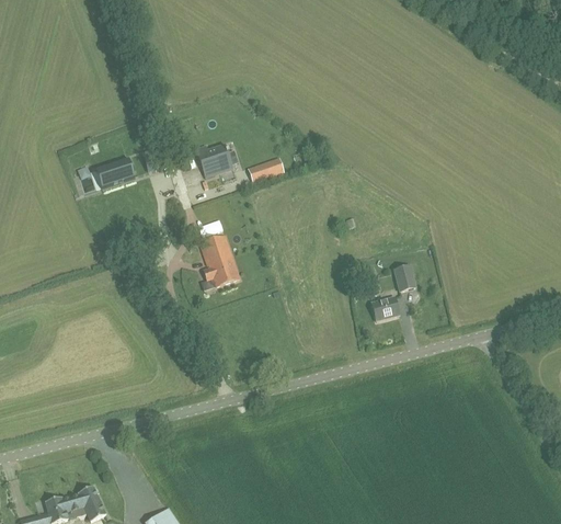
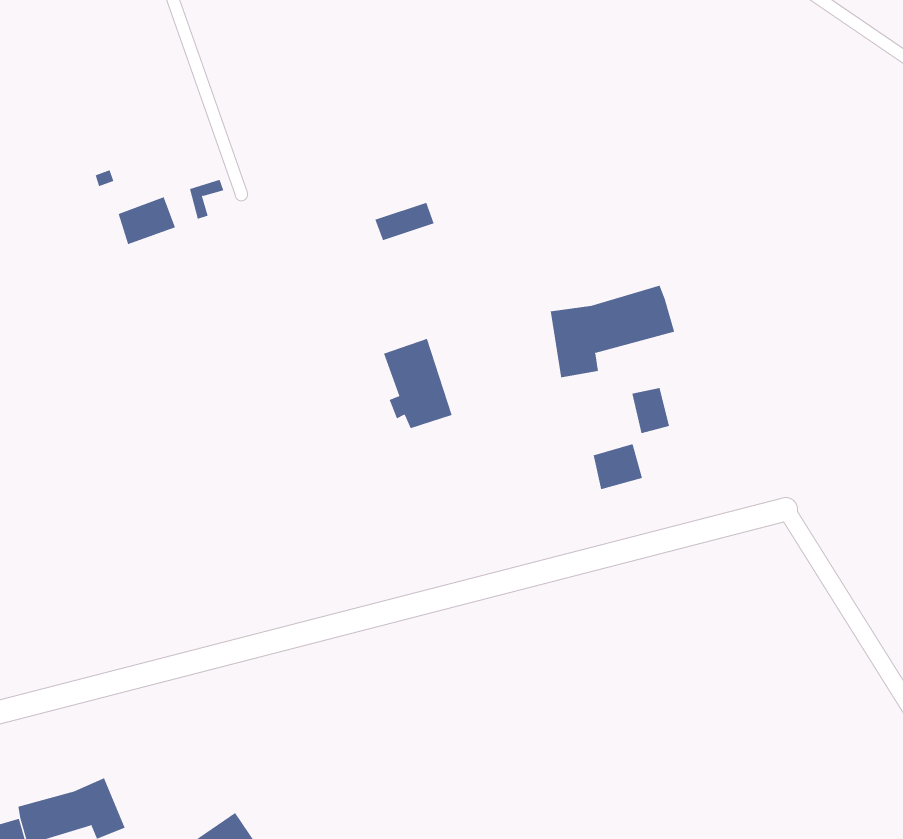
building: [195,144,233,178] -> none
building: none -> [550,285,675,378]
building: [199,235,239,286] -> [383,338,453,429]

